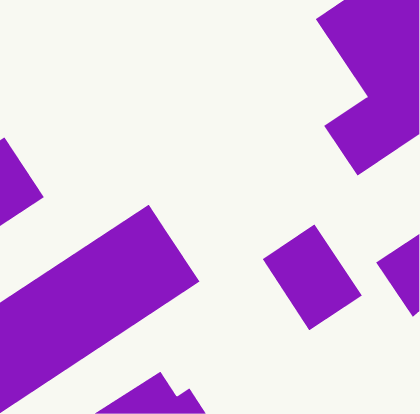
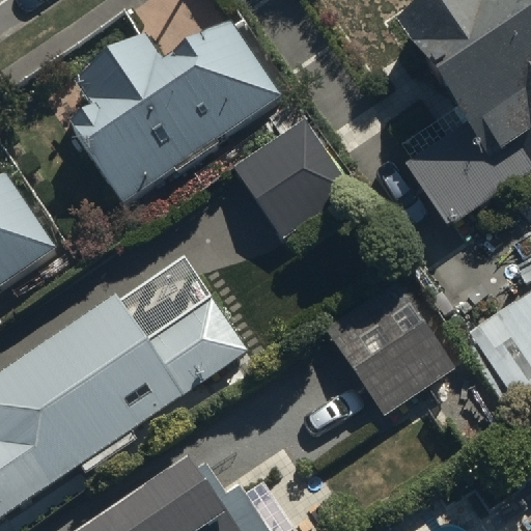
building: none -> [71,19,282,202]
building: none -> [230,115,354,236]

